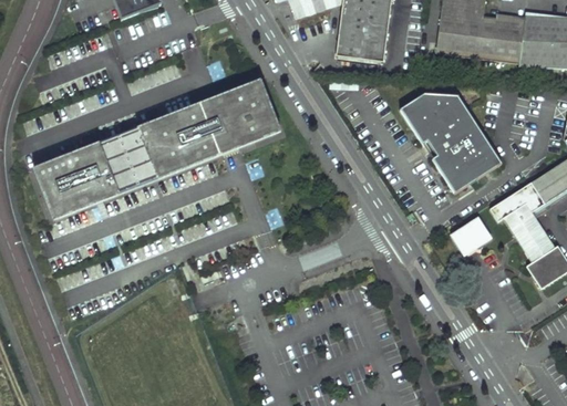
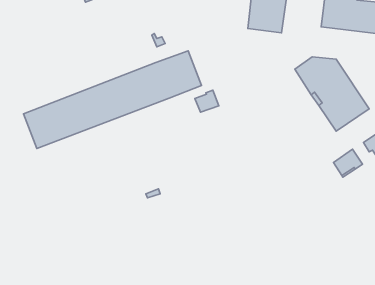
building: none -> [195,90,219,112]

